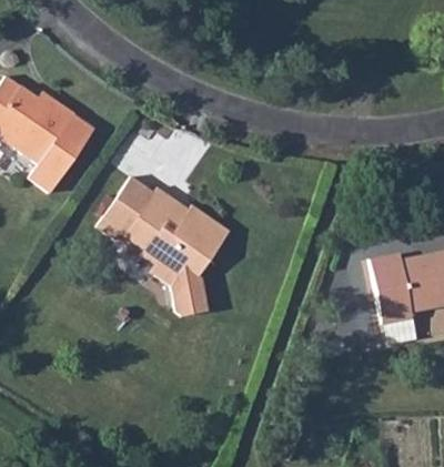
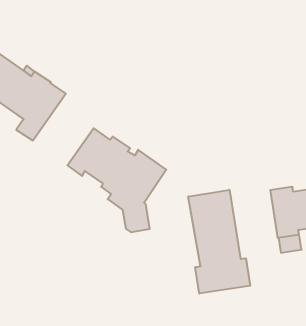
building: none -> [188,190,250,294]

